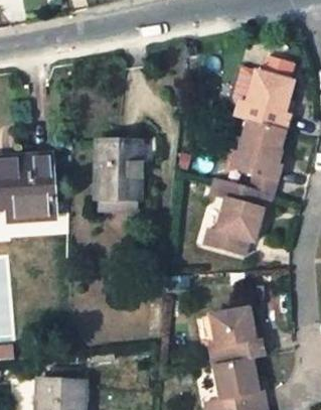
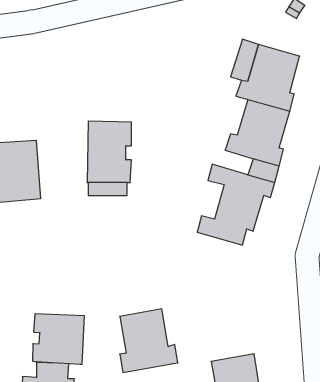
building: [210,305,265,365] -> [120,309,178,372]
building: none -> [33,314,84,364]

